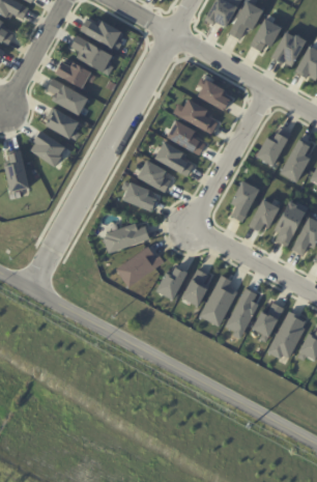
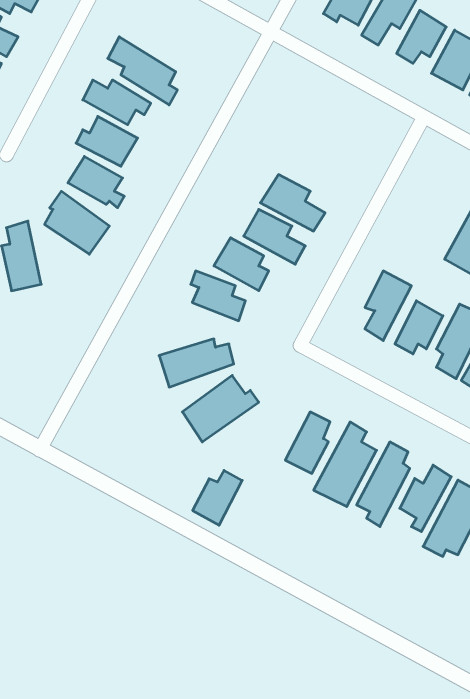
building: [79,18,121,49] -> none
building: [198,79,231,110] -> none
building: [173,97,218,134] -> none
building: [257,132,289,165] -> none
building: [156,265,188,300] -> [193,470,242,525]

